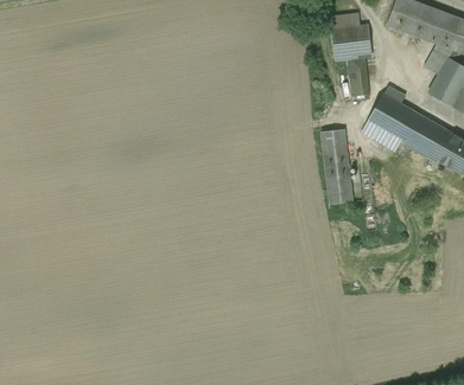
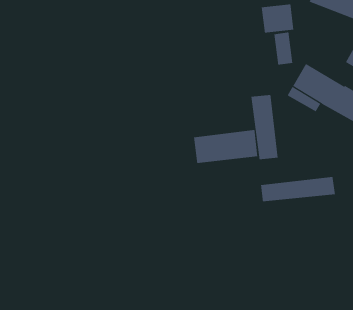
building: none -> [194,129,258,164]
building: none -> [260,176,335,202]

